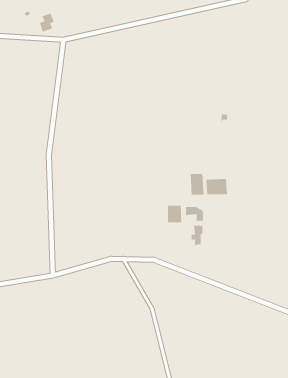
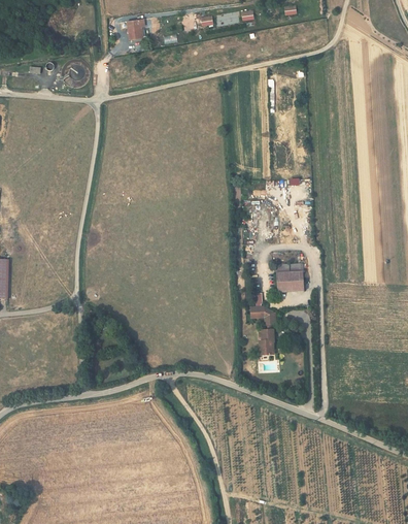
building: [190,173,204,195] -> none
building: [168,205,182,223] -> none

